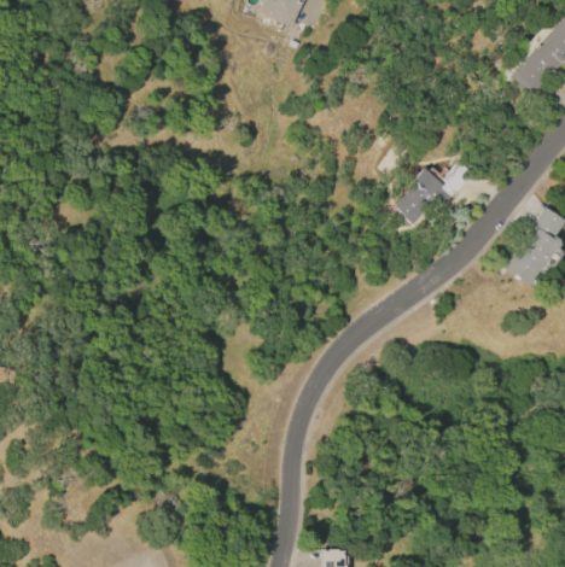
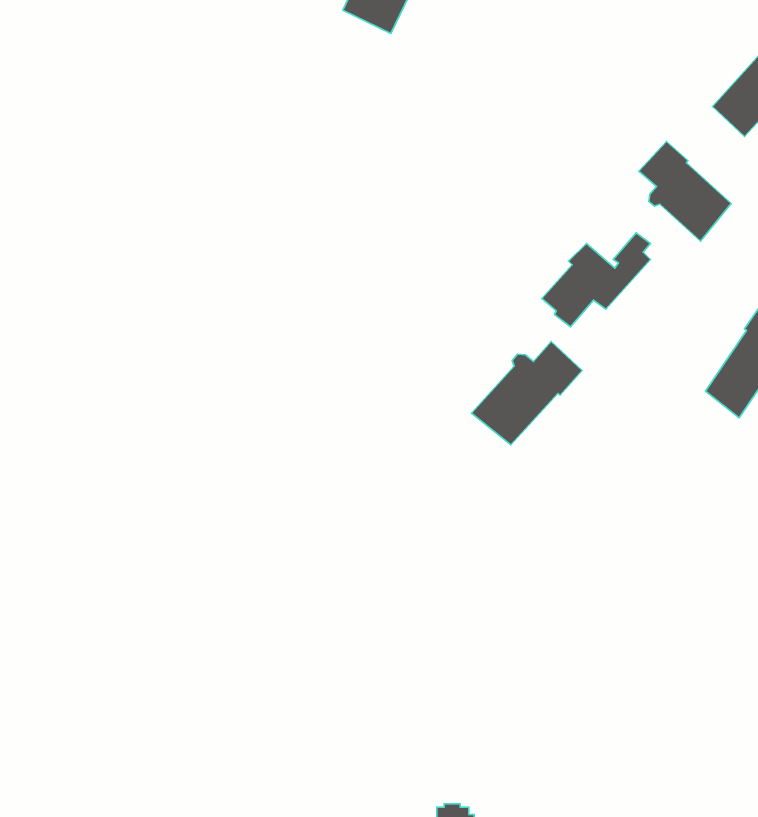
building: none -> [639,141,731,241]
building: none -> [471,342,582,445]

